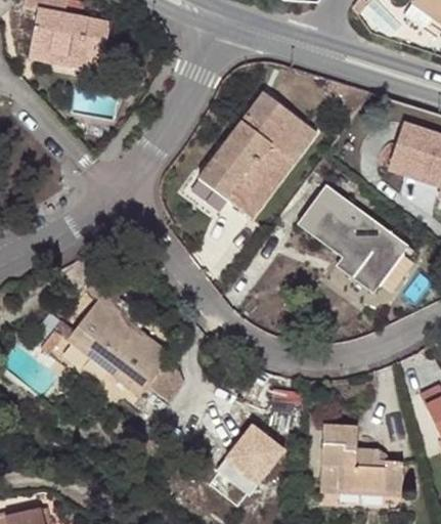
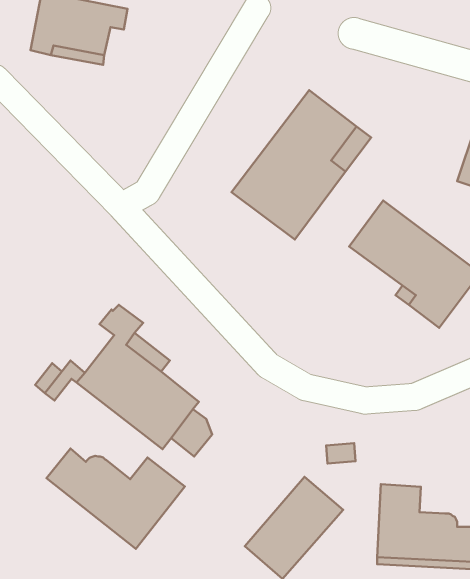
building: none -> [46,449,185,549]

